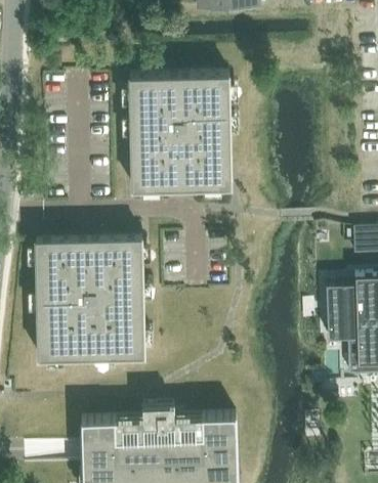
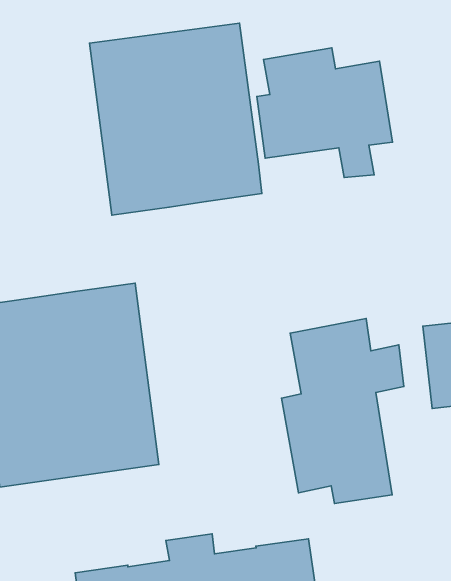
building: none -> [257,48,392,178]
building: none -> [281,319,404,504]

